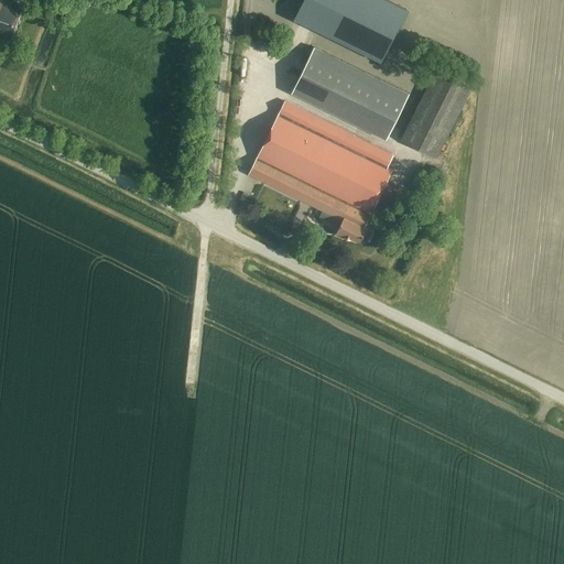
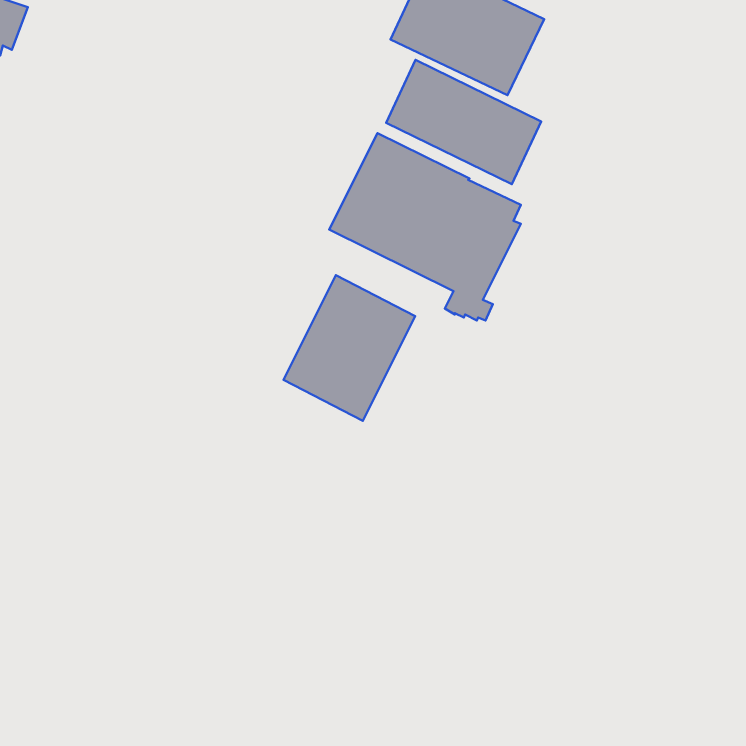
building: [400,67,471,156] -> none
building: none -> [283,275,415,421]

